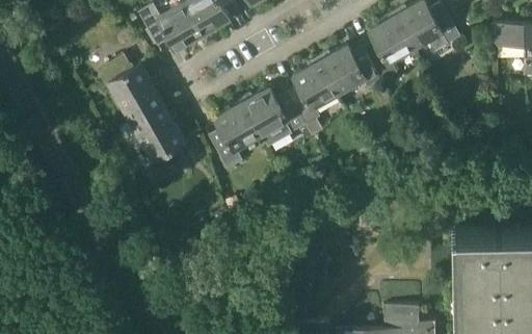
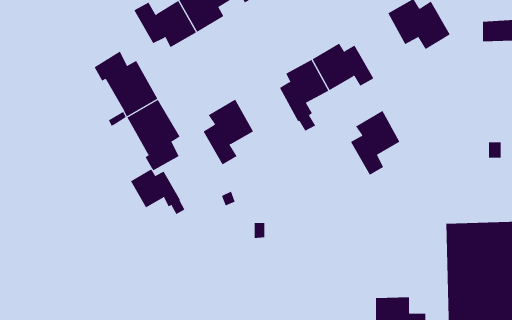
building: [363,15,414,81] -> [350,110,400,175]
building: [241,86,304,135] -> none
building: none -> [130,168,185,215]

